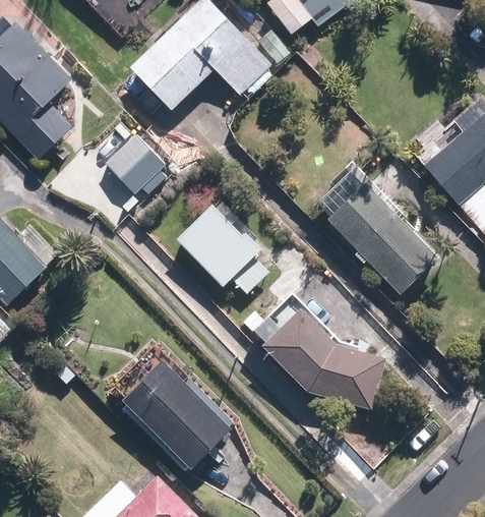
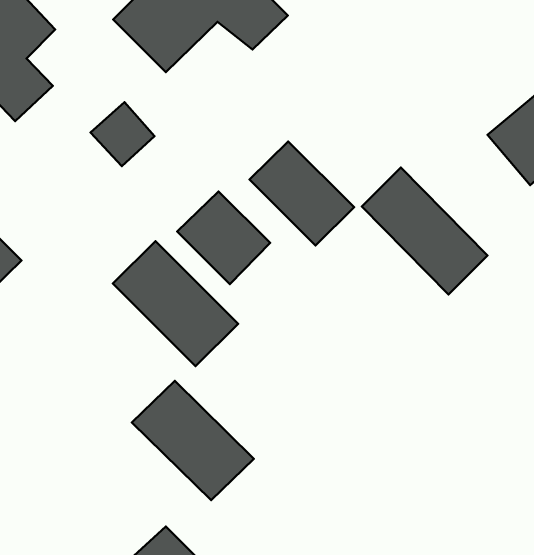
building: none -> [250,141,354,245]
building: none -> [113,241,238,366]
building: [260,318,376,406] -> none

